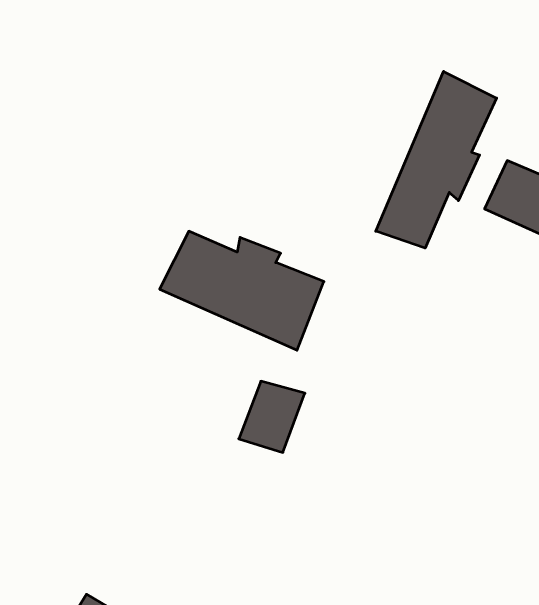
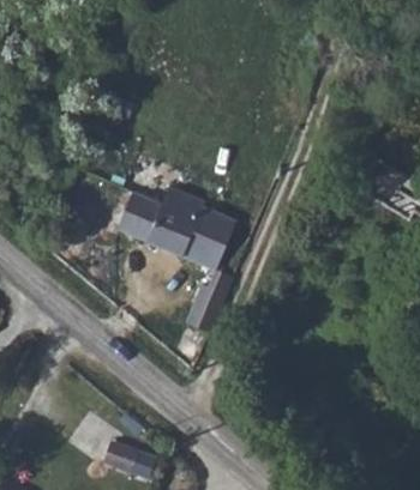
building: [376,71,497,248] -> none

